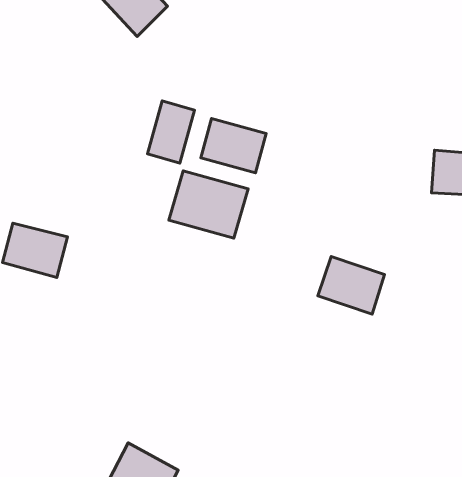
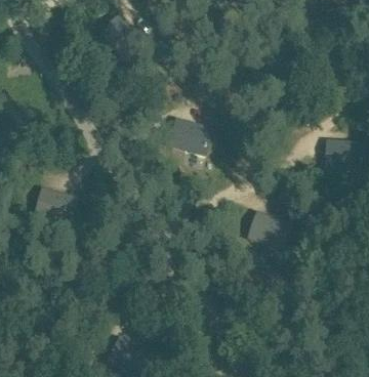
building: [148,101,194,163] -> none
building: [169,171,248,238] -> none

